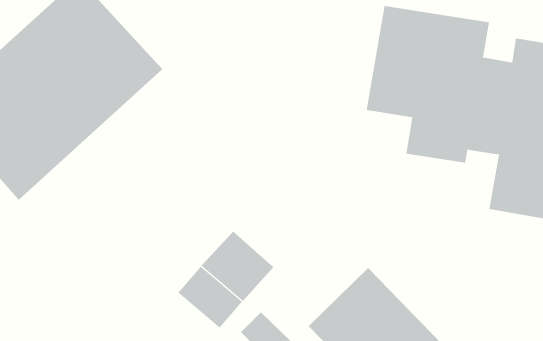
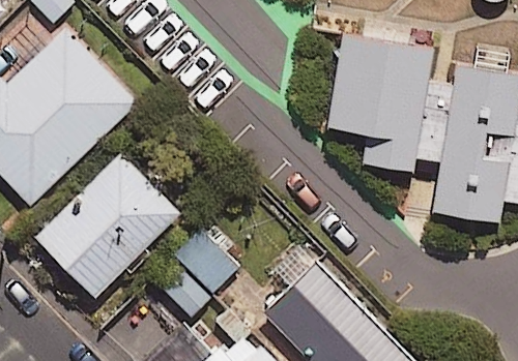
building: none -> [37,153,181,297]

